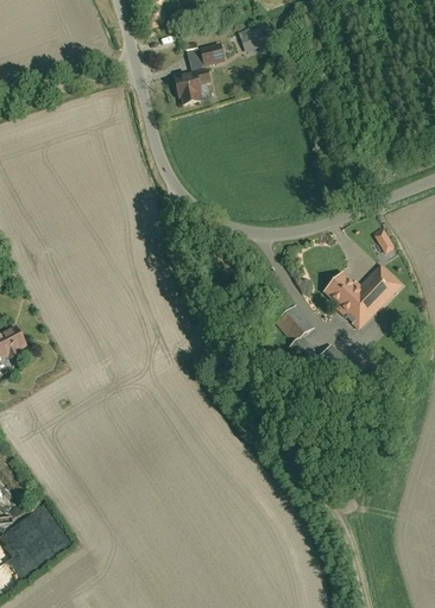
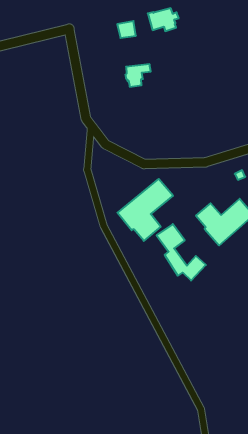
building: [175,71,208,103] -> [125,64,151,87]
building: none -> [117,179,173,241]

